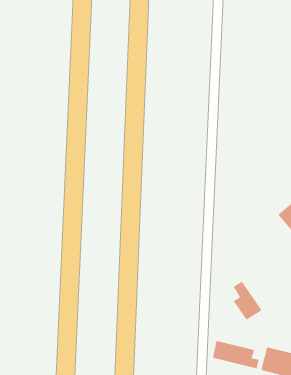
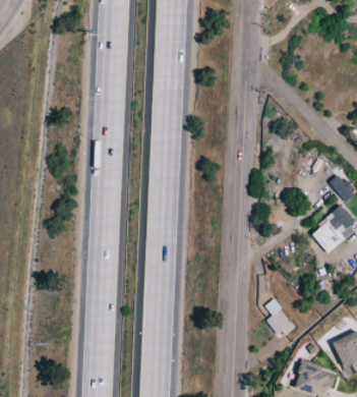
building: [212,340,259,369] -> none

